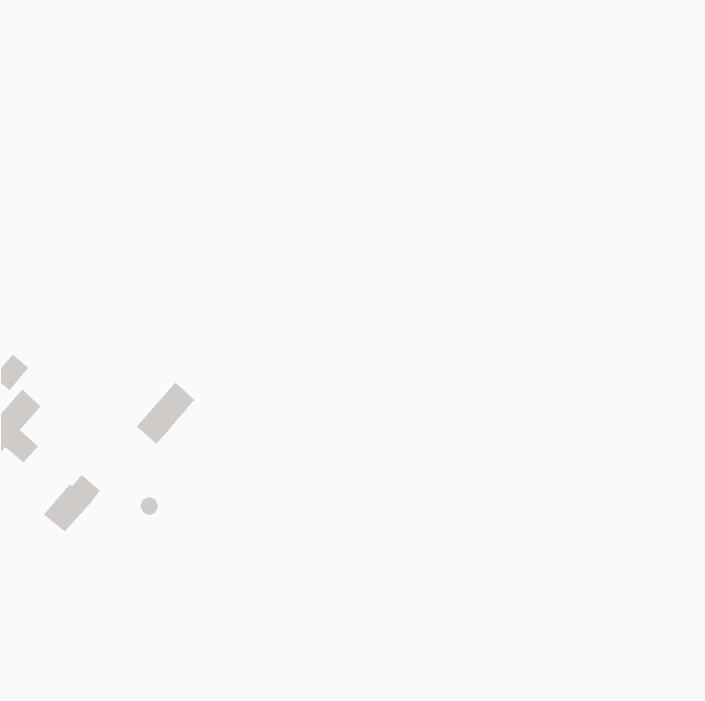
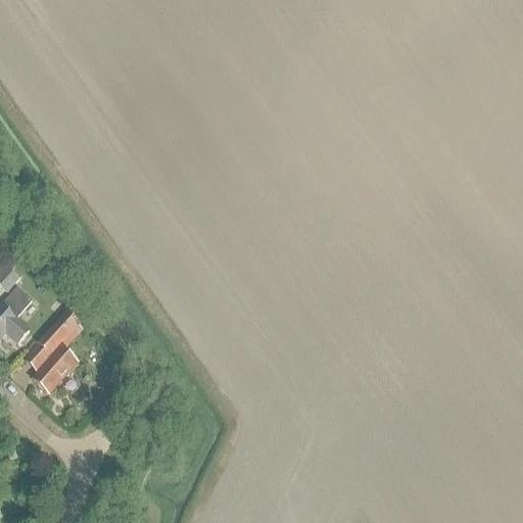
building: [136,382,195,444] -> [37,311,81,356]

